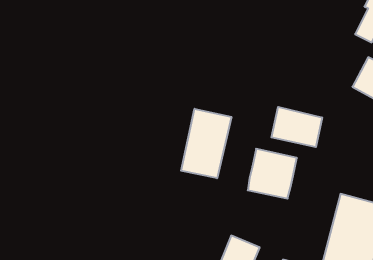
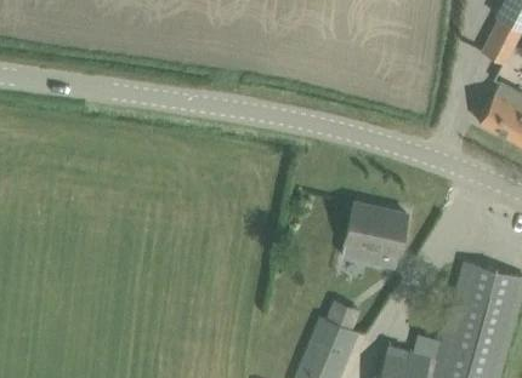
building: [271,107,322,147] -> none
building: [181,109,231,178] -> none

